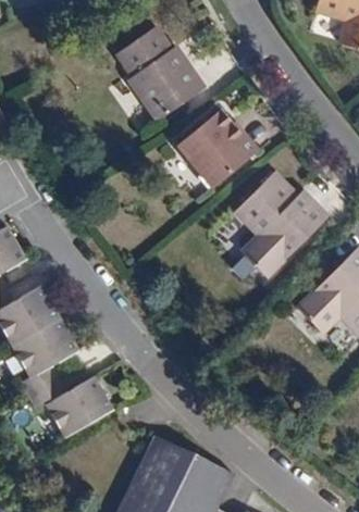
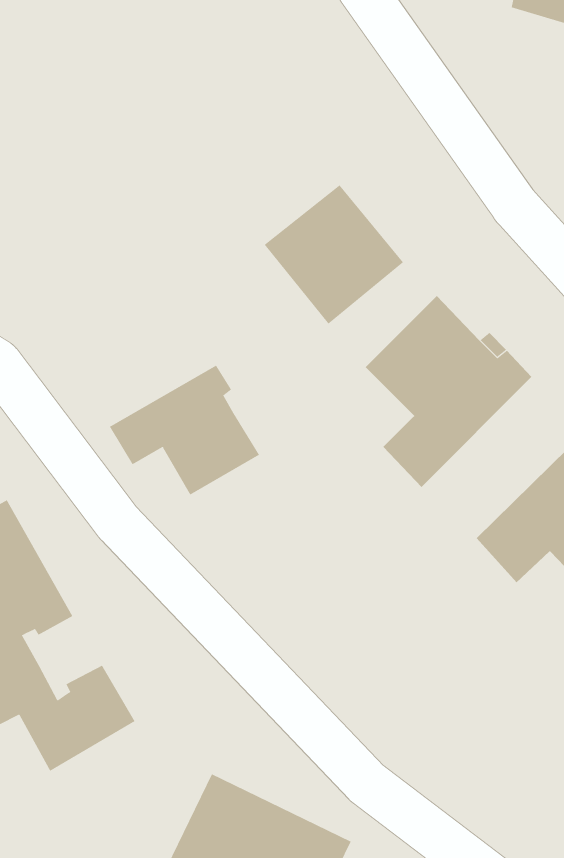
building: [120,26,206,118] -> none
building: none -> [109,365,260,495]

